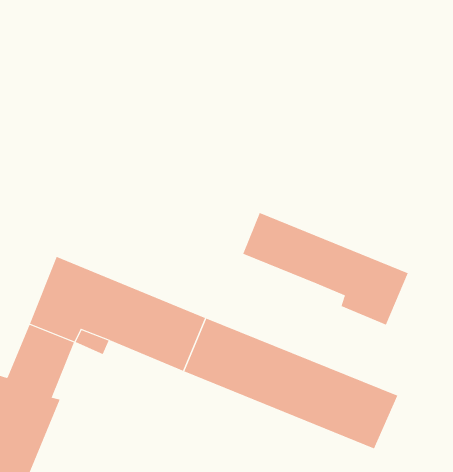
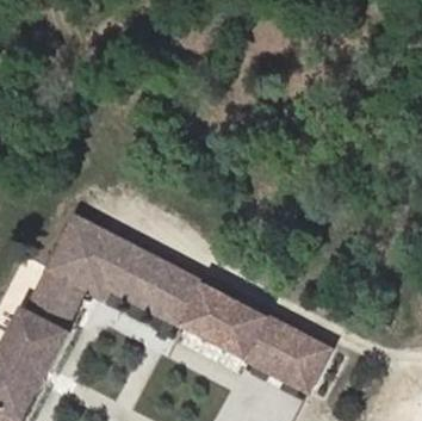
building: [242,212,409,325] -> none

